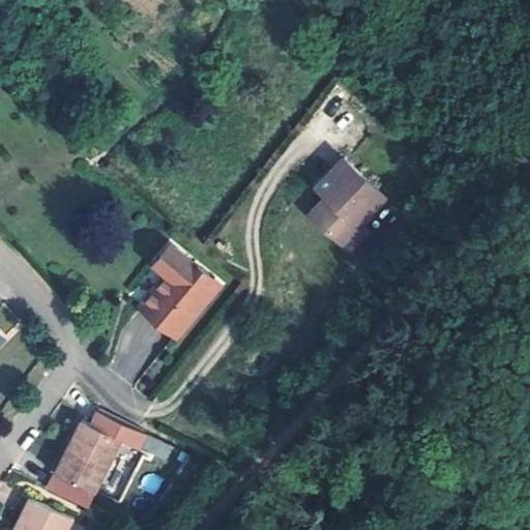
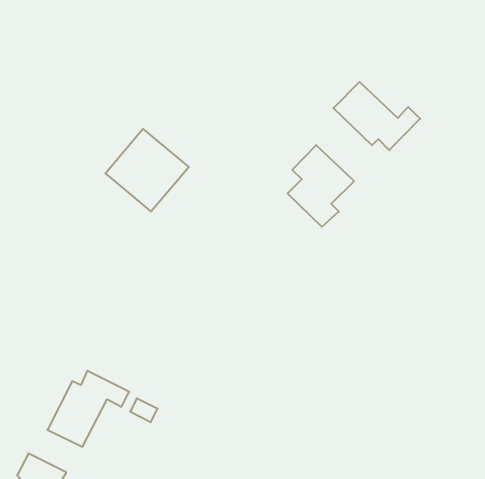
building: none -> [333,82,420,150]
building: [127,247,218,337] -> [105,129,189,211]

